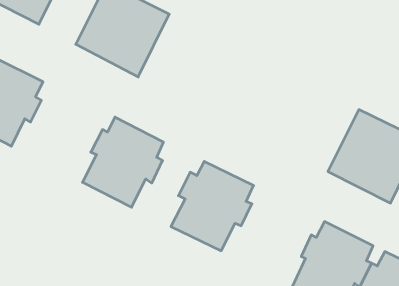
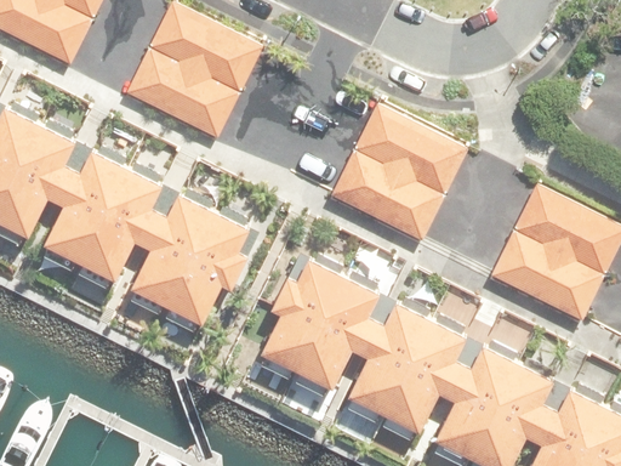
building: none -> [330,104,467,240]
building: none -> [46,152,165,283]
building: none -> [351,302,469,432]

